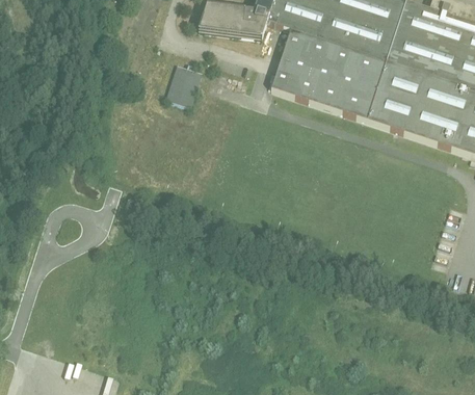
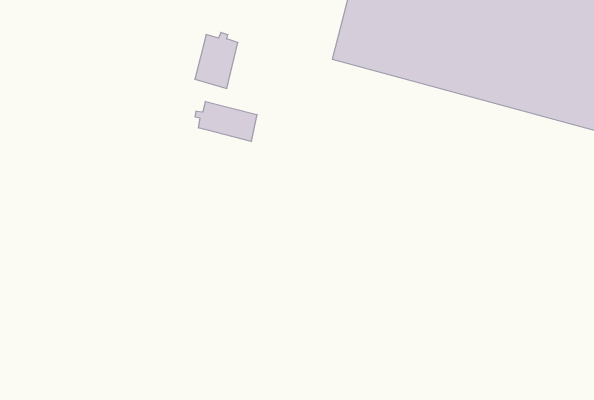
building: none -> [195,101,257,142]

